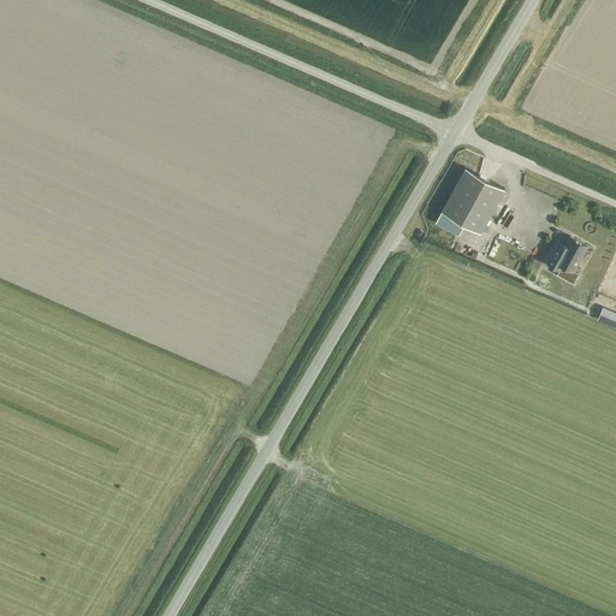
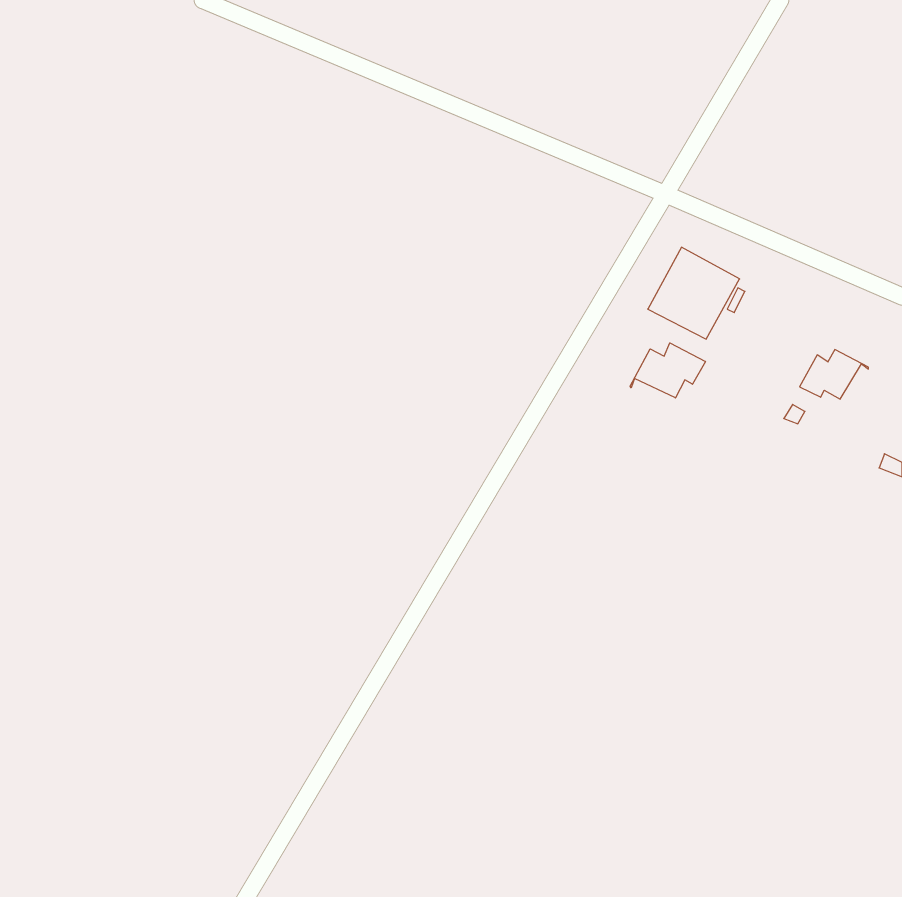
building: none -> [630,343,705,398]

